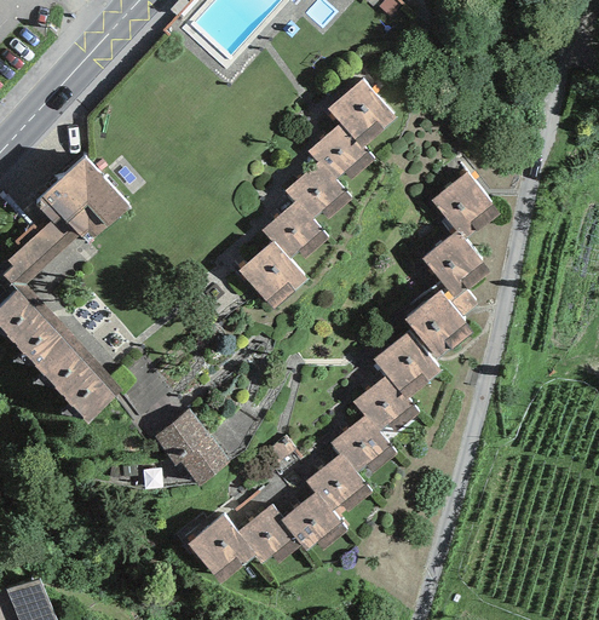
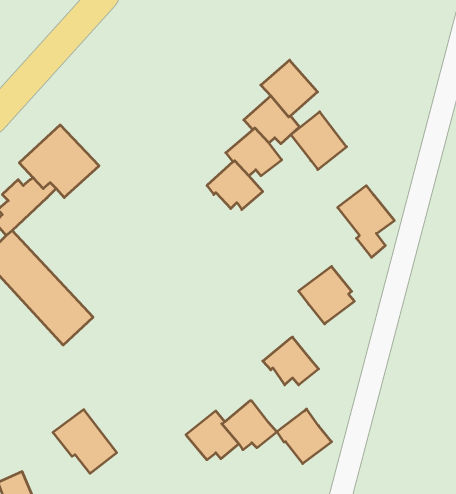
building: [431,171,499,241] -> [291,112,347,170]
building: [238,239,307,309] -> none
building: [404,291,472,358] -> none
building: [352,374,420,440] -> none
building: [152,408,230,486] -> [53,410,117,473]
building: [305,452,372,518] -> [277,409,332,464]
building: [188,515,254,584] -> none

